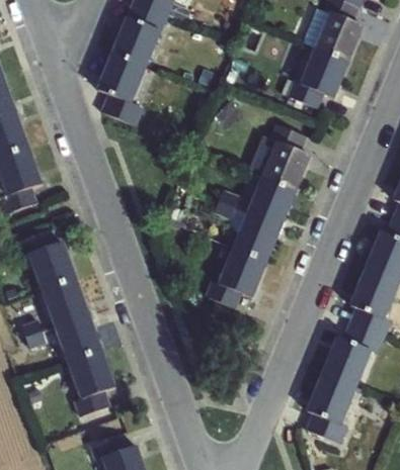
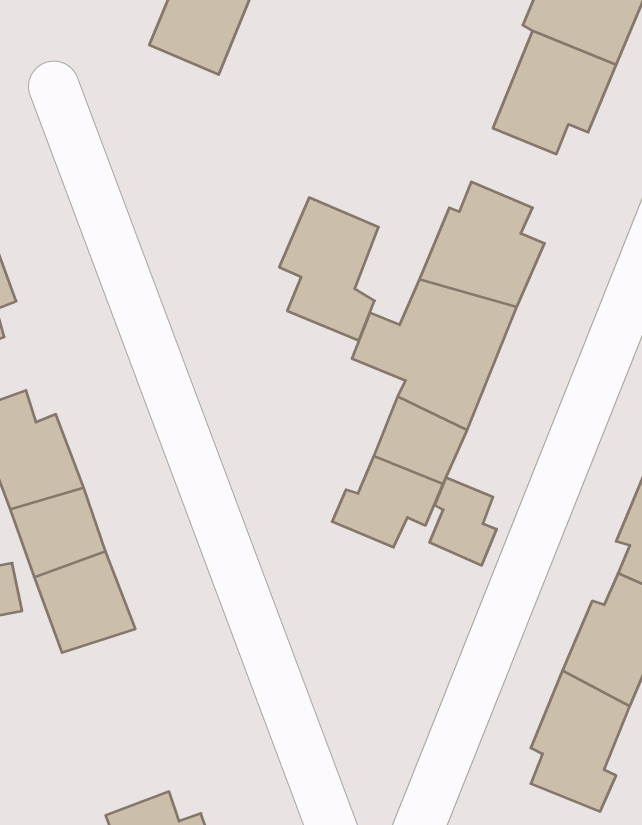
building: [95,54,146,126] -> [279,198,379,341]
building: none -> [430,477,497,565]
building: [66,351,116,416] -> none

